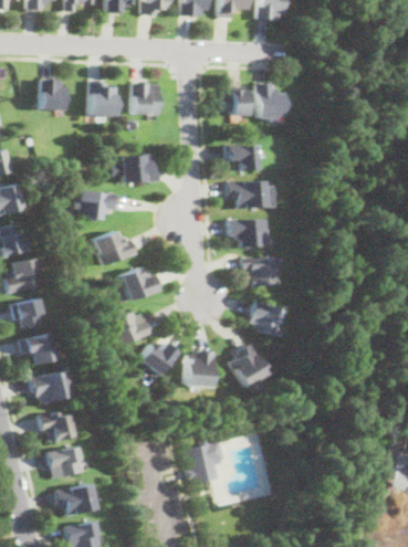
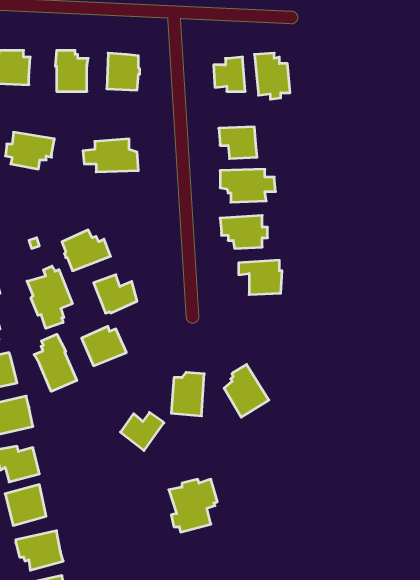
building: [74,189,115,220] -> [5,132,54,169]
building: none -> [27,266,72,328]
building: [249,302,283,335] -> none
building: none -> [34,334,77,391]
building: [140,343,177,375] -> [120,412,164,451]

